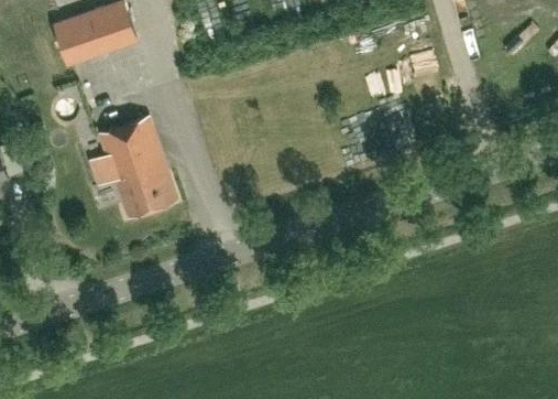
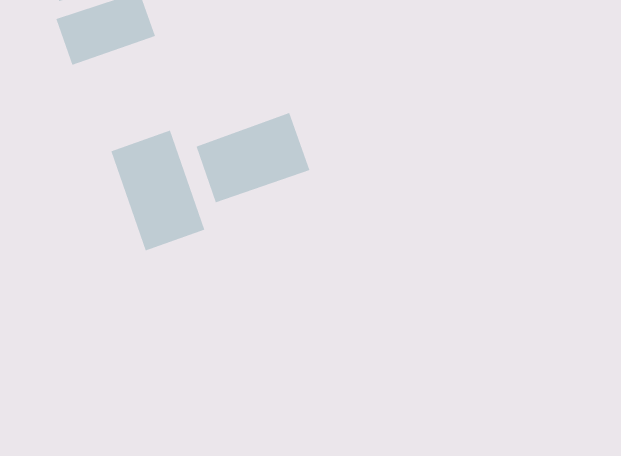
building: none -> [196,112,310,203]

